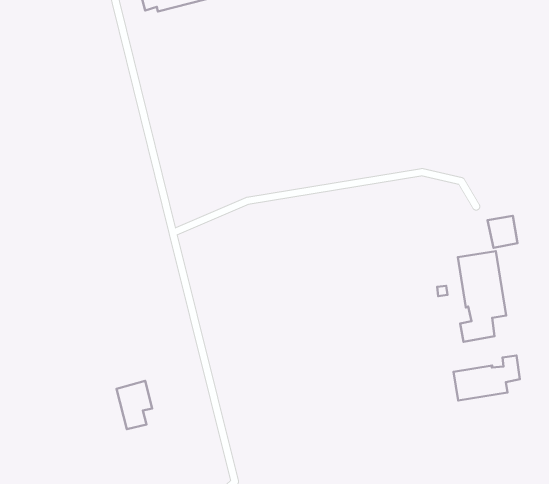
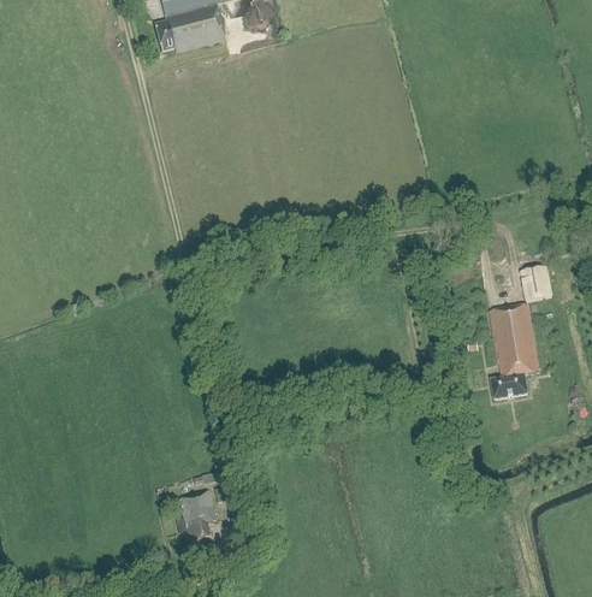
building: [453,356,520,400] -> none
building: [117,381,152,429] -> [178,490,215,540]

